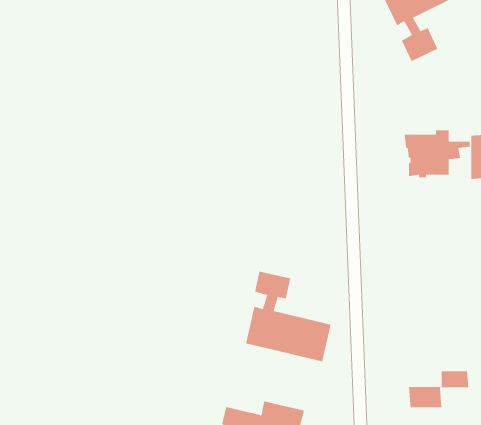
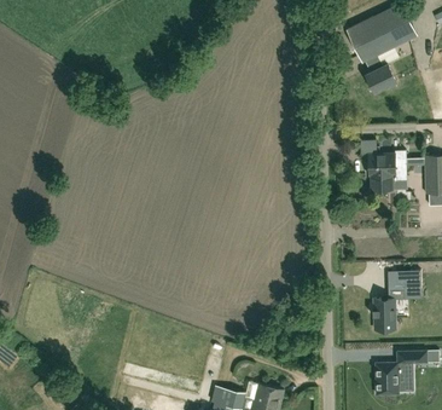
building: [245,271,331,362] -> none
building: none -> [371,283,411,327]

